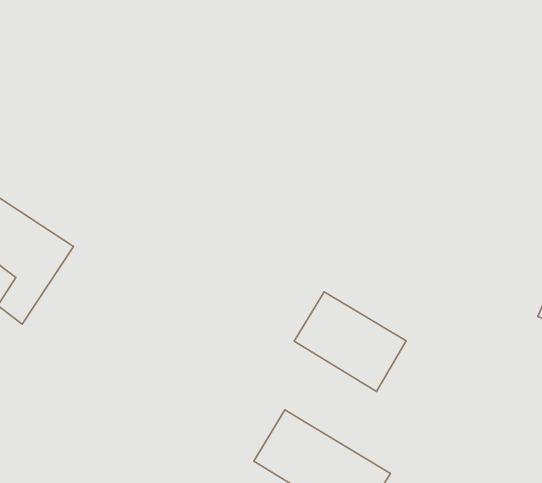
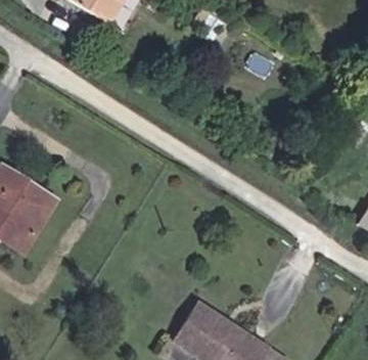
building: [294,292,406,392] -> none

